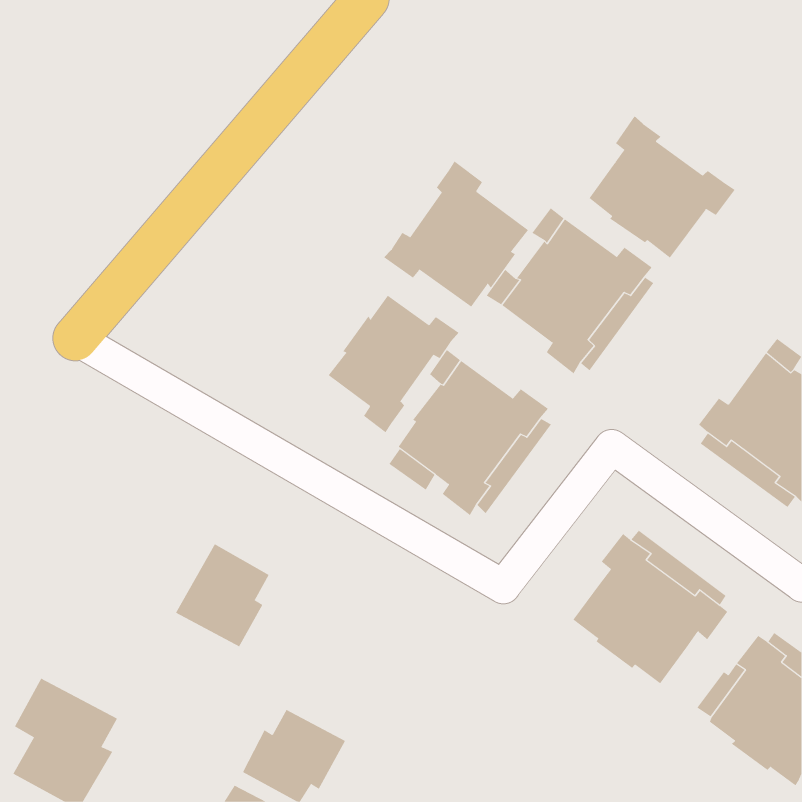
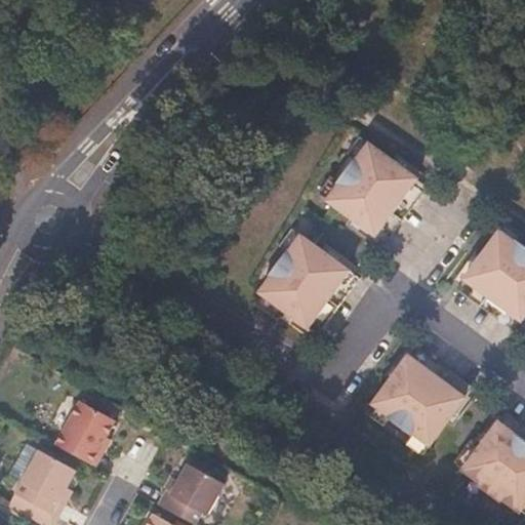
building: [589,115,736,259] -> none
building: [383,161,529,308] -> none
building: [328,295,460,433] -> none
building: [175,544,269,647] -> [54,399,116,467]

